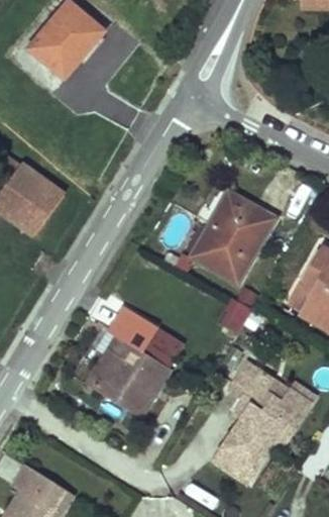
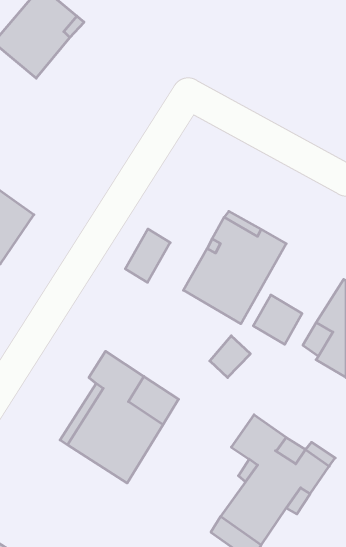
building: none -> [125,229,170,282]
building: none -> [253,295,302,344]

